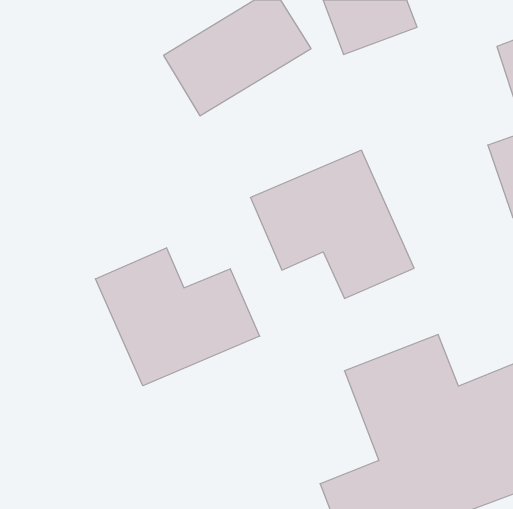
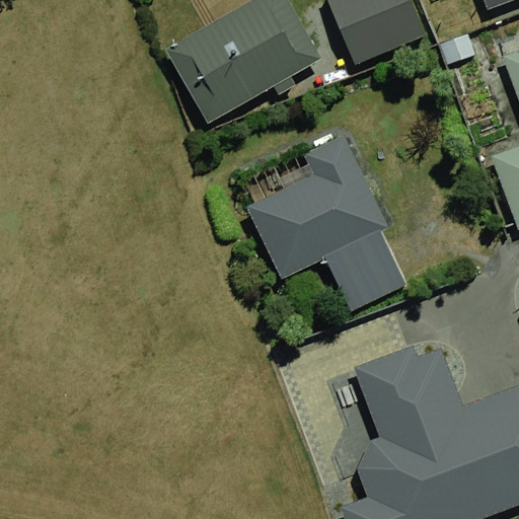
building: [95,248,260,386] -> none

